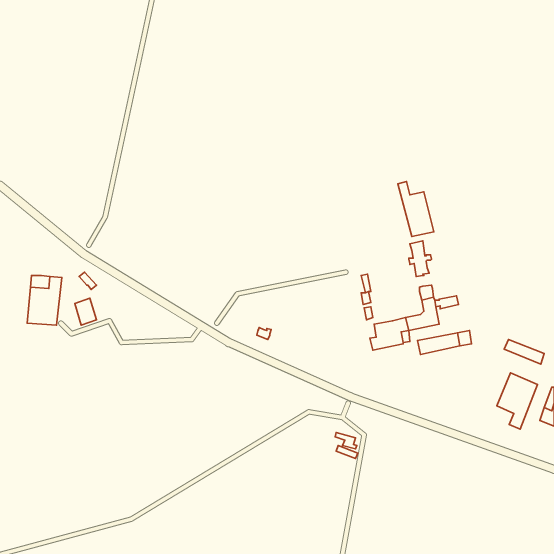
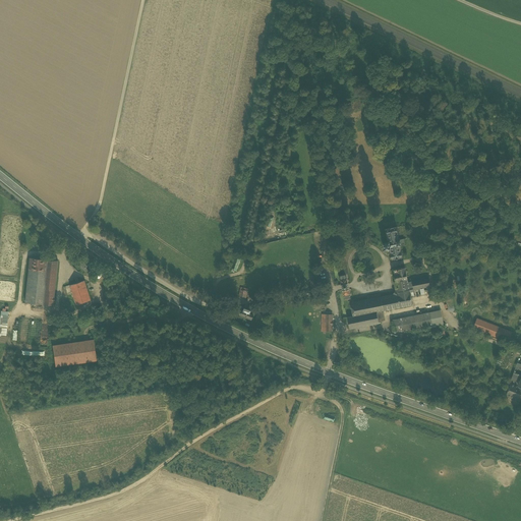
building: [398,181,434,237] -> none
building: none -> [53,340,97,366]
building: [497,373,538,429] -> none

